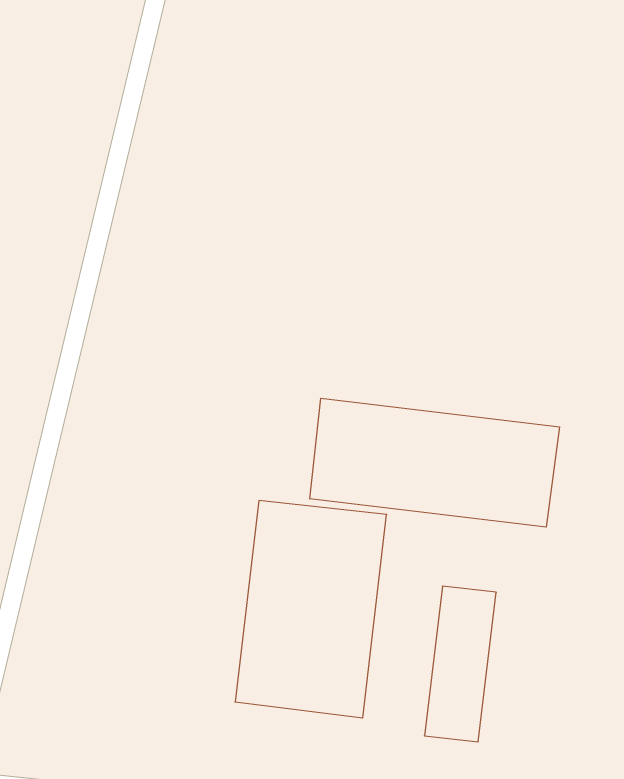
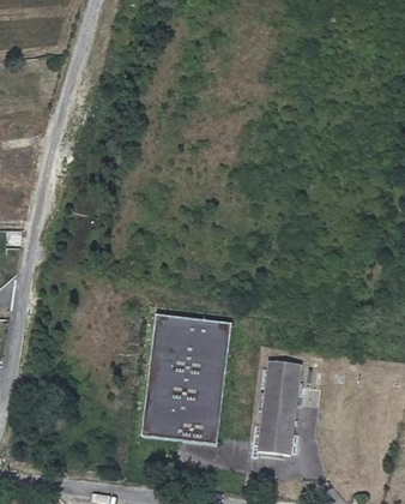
building: [310,398,559,527] -> none

